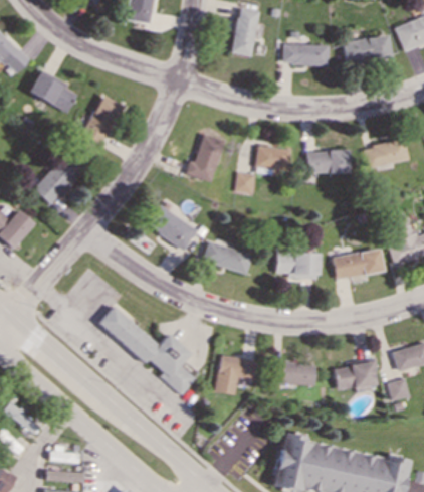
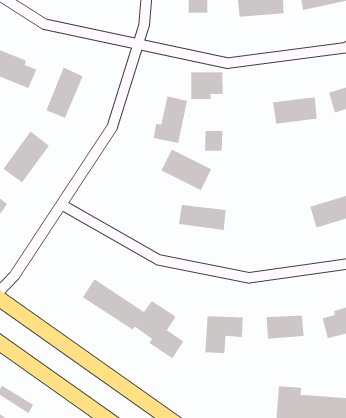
building: [254,146,289,175] -> [190,72,223,100]
building: [146,205,197,250] -> [160,149,212,191]
building: [275,253,319,279] -> none

